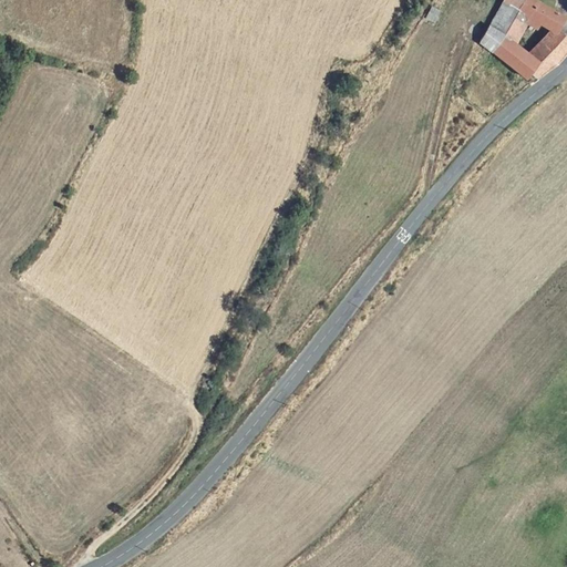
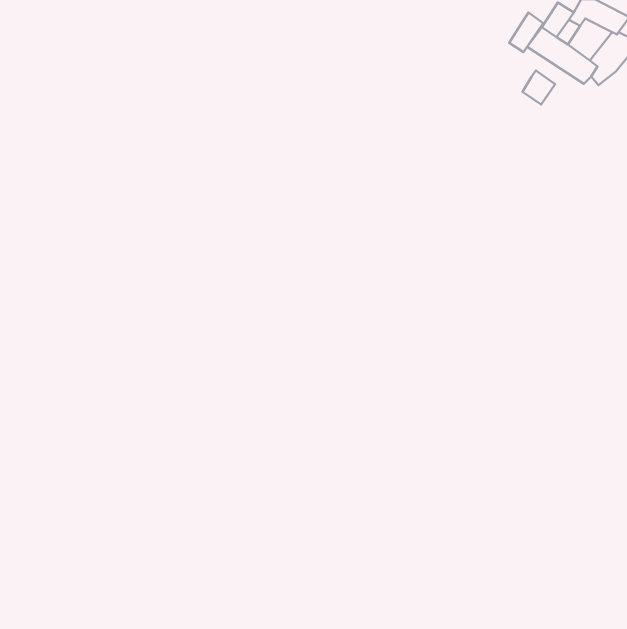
building: none -> [509,12,543,52]
building: none -> [523,71,555,104]

